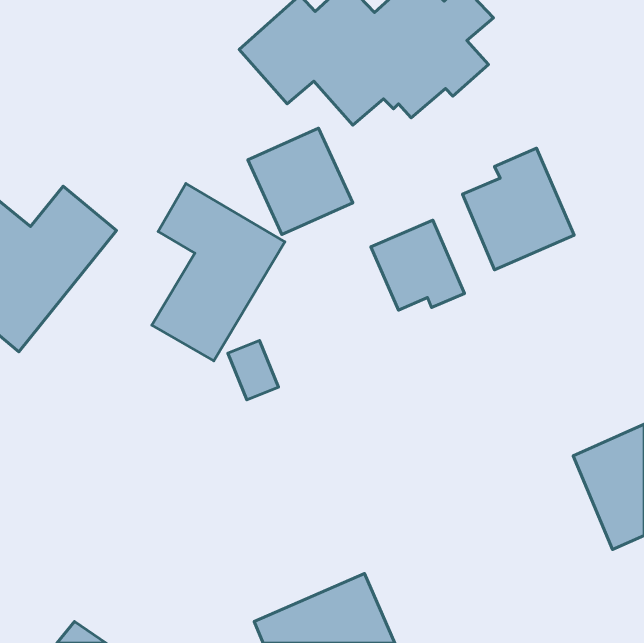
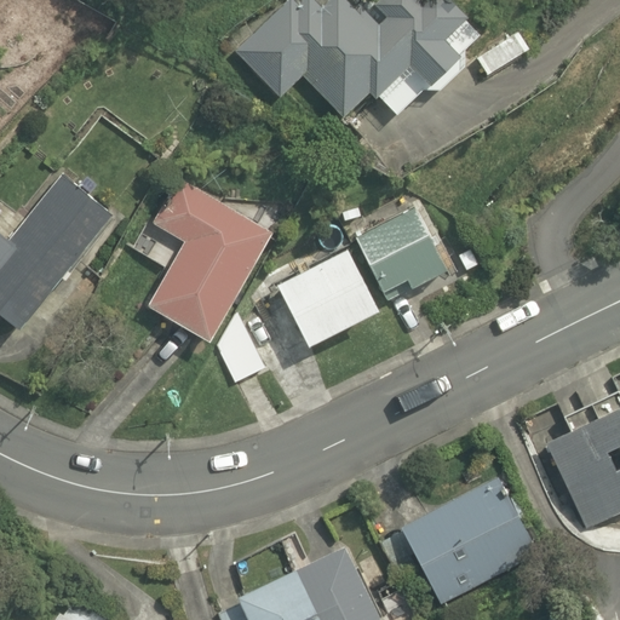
building: [248,128,353,234] -> [274,252,374,354]
building: [463,148,574,270] -> none
building: none -> [406,475,539,596]

